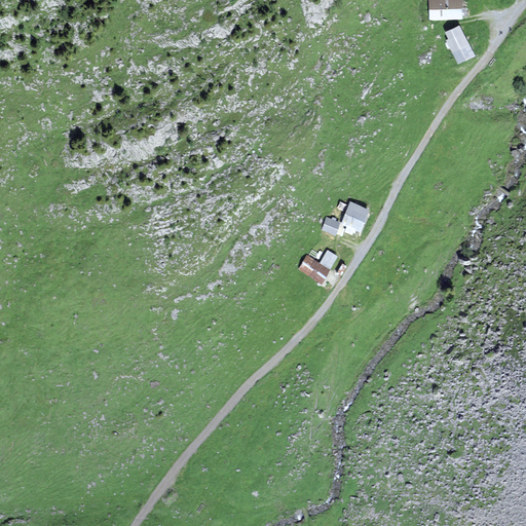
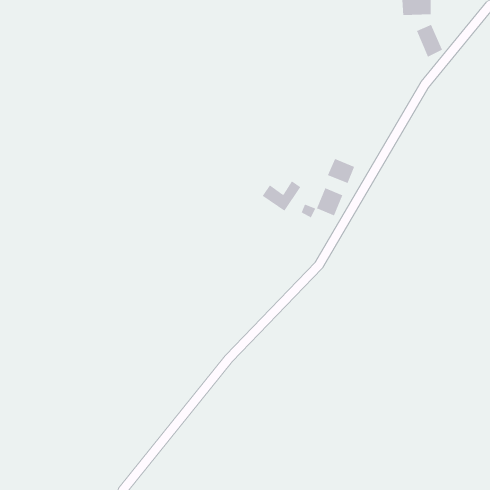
building: none -> [327,158,355,184]
building: [296,253,338,286] -> [262,181,301,211]

